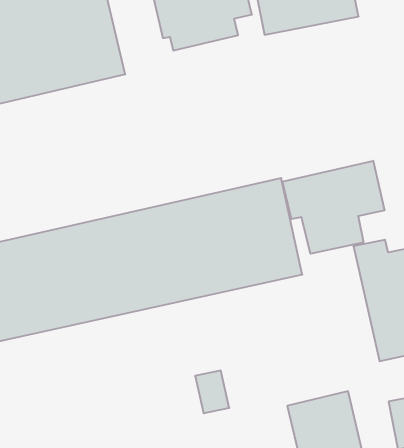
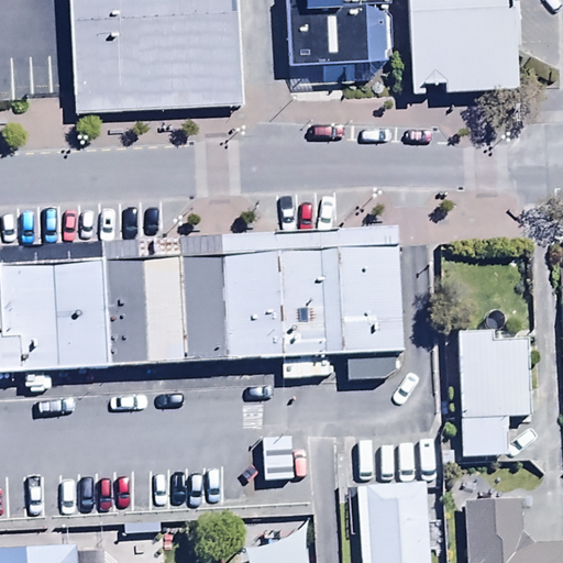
building: [282,161,385,254] -> none

